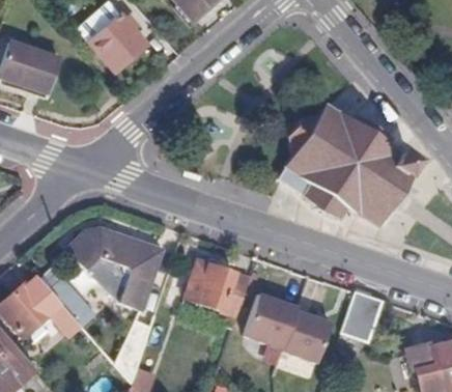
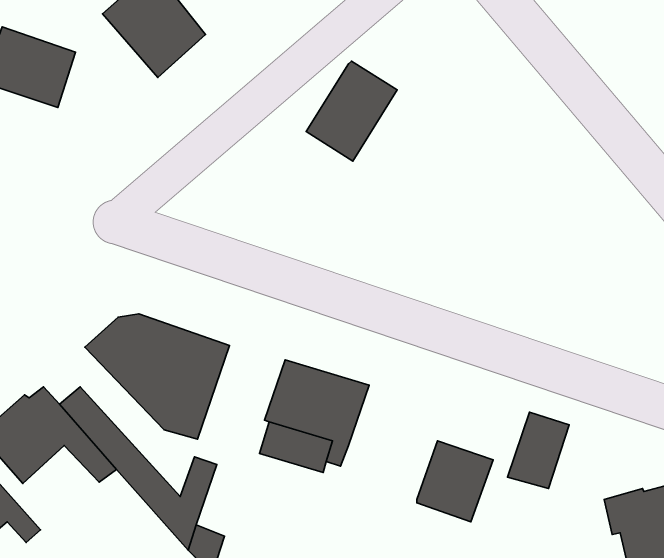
building: none -> [306,61,397,161]
building: [279,105,419,224] -> none
building: [245,293,298,348] -> none

